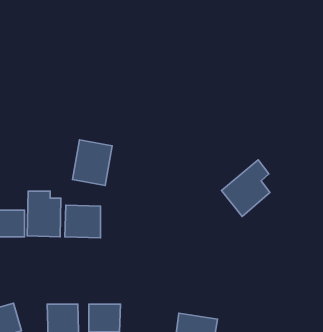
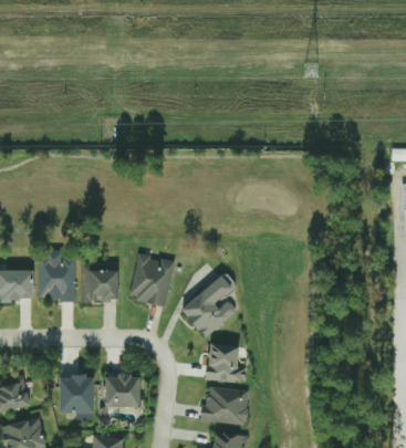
building: [73,140,112,185] -> [128,254,173,305]
building: [221,160,270,216] -> [181,274,236,337]
building: none -> [207,343,244,382]

